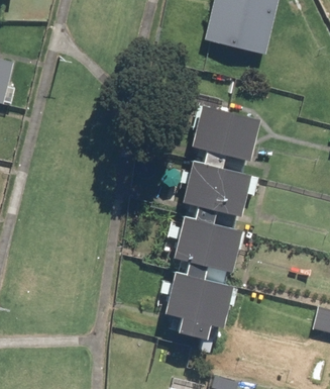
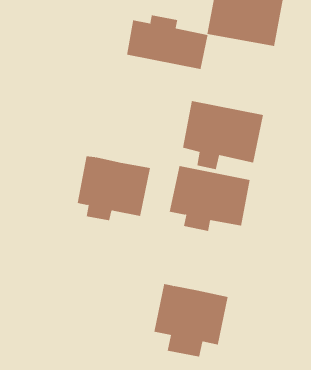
building: none -> [126,15,208,70]
building: [169,217,236,277] -> [77,156,151,221]

